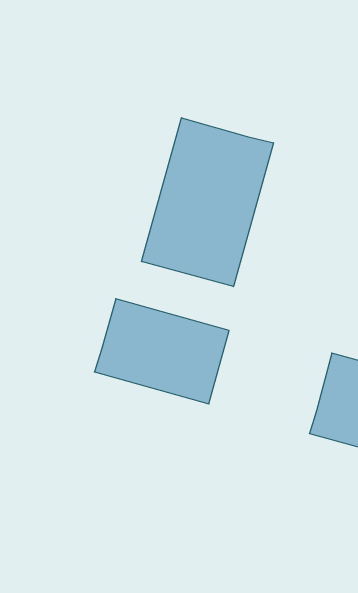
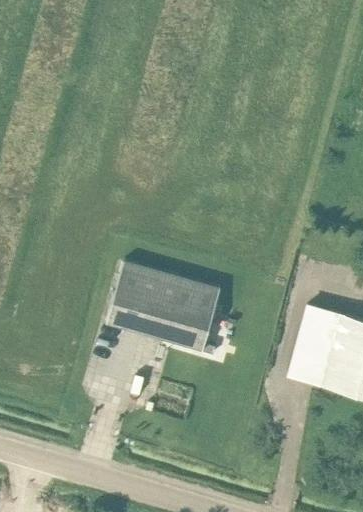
building: [142,118,273,287] -> none

